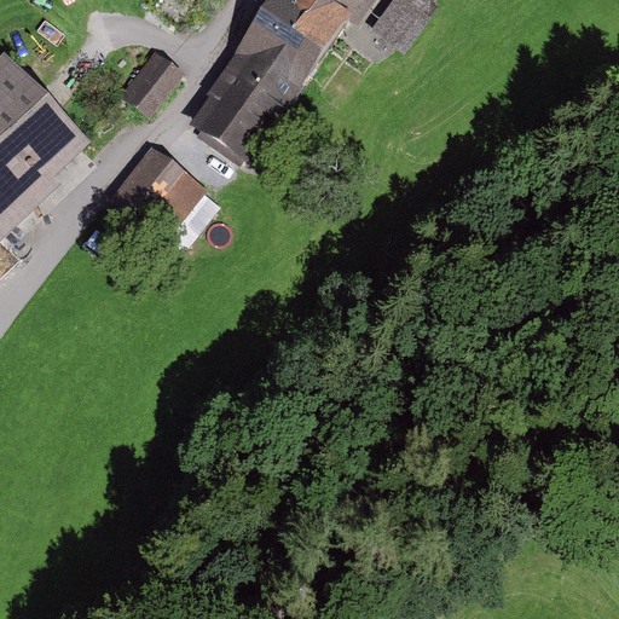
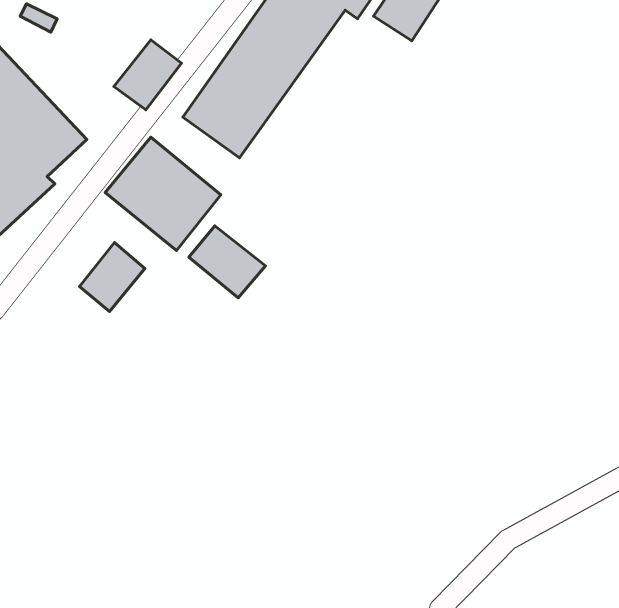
building: none -> [189,226,265,298]
building: none -> [80,243,145,311]

